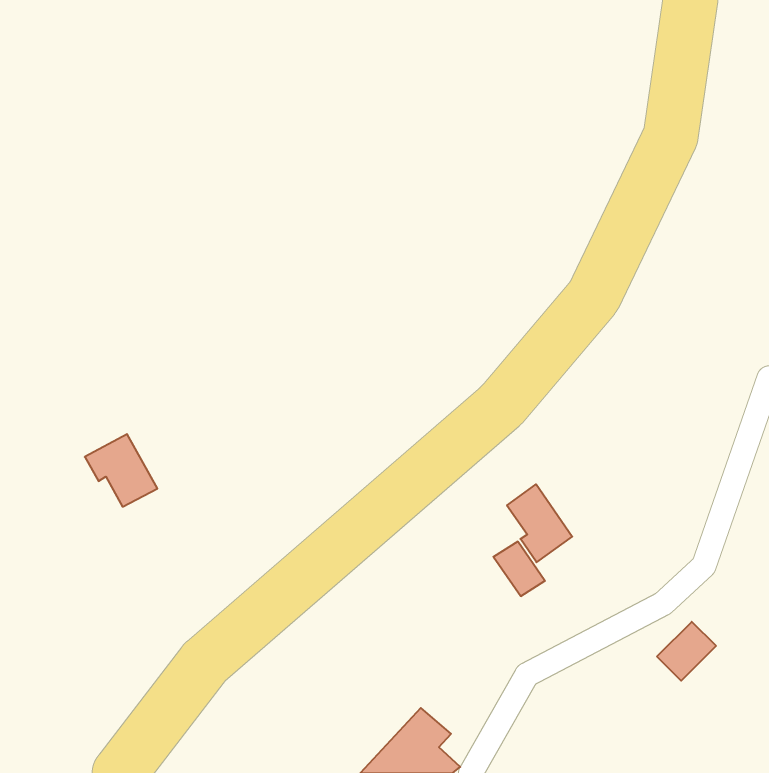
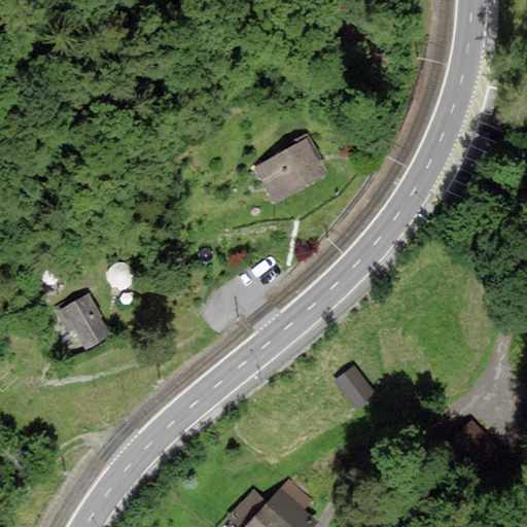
building: none -> [257,141,322,200]
building: [507,484,572,562] -> none

